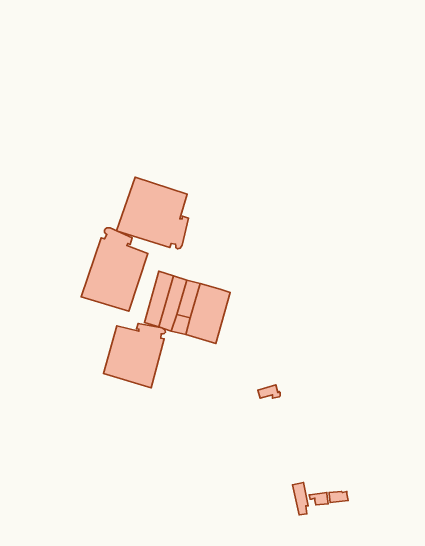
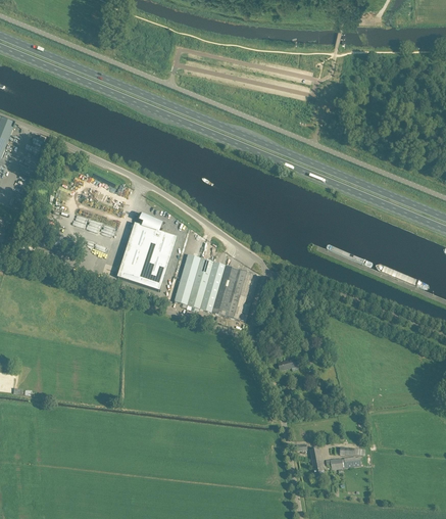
building: [117,177,189,249] -> none
building: [104,323,165,388] -> none

